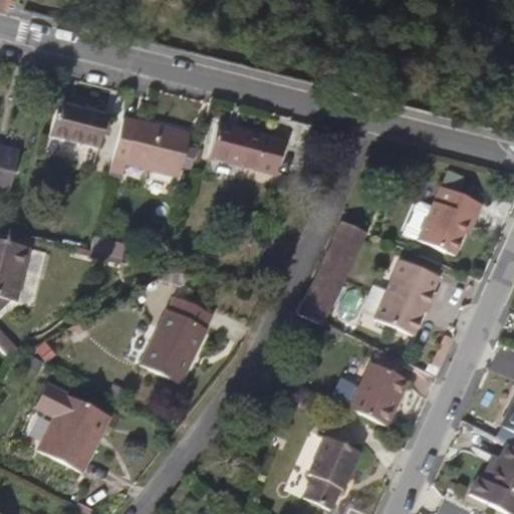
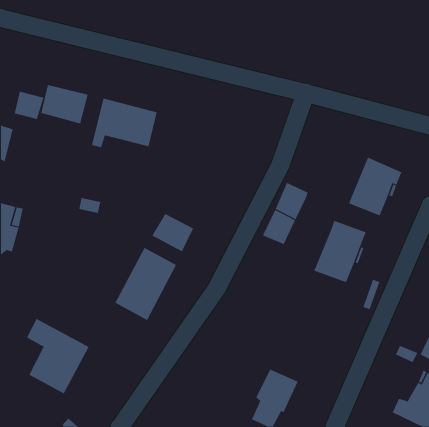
building: none -> [14,91,44,120]
building: [210,124,285,174] -> none
building: none -> [152,213,194,252]
building: [301,280,340,321] -> none
building: [350,364,409,428] -> none

